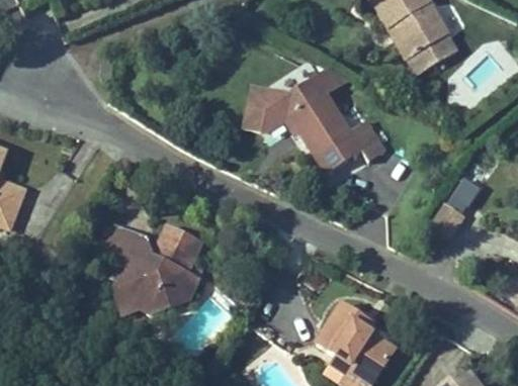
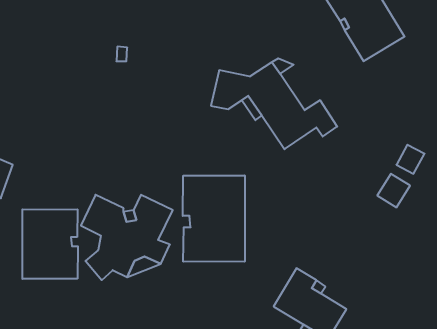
building: none -> [183,175,245,262]
building: none -> [22,209,78,279]

